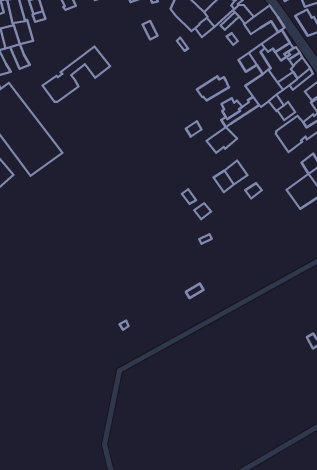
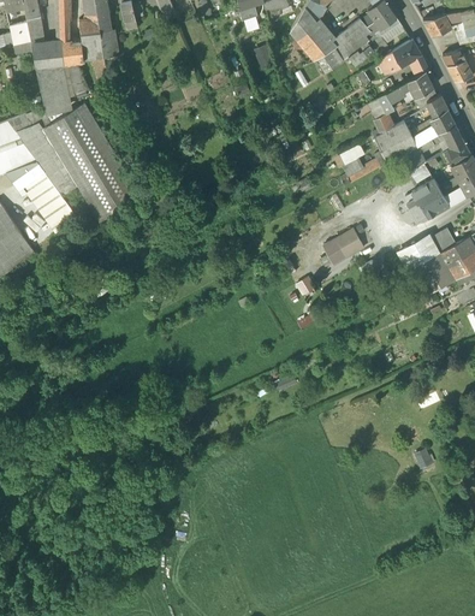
building: [43,47,110,102] -> none
building: [197,76,229,100] -> none
building: [206,127,237,153] -> none
building: none -> [400,233,439,268]

